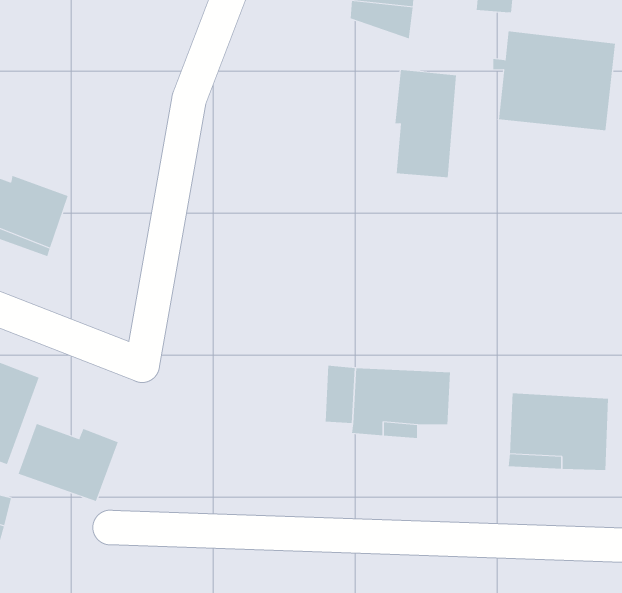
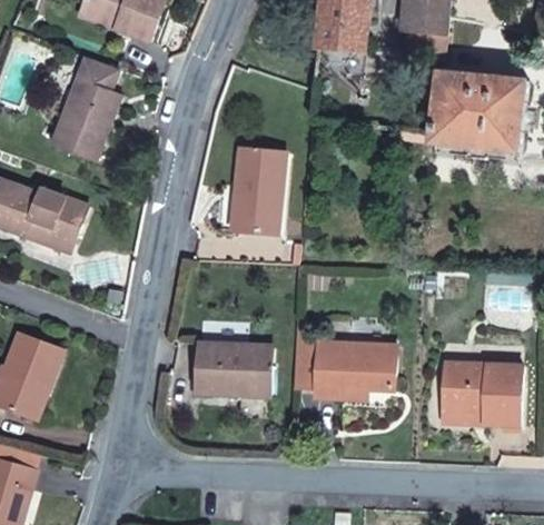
building: none -> [53,57,121,160]
building: [395,70,457,178] -> [233,147,283,234]
building: none -> [195,343,269,395]
building: [18,423,119,502] -> none

